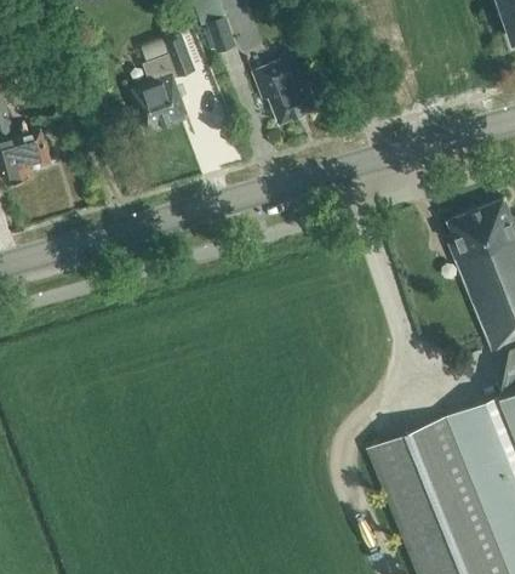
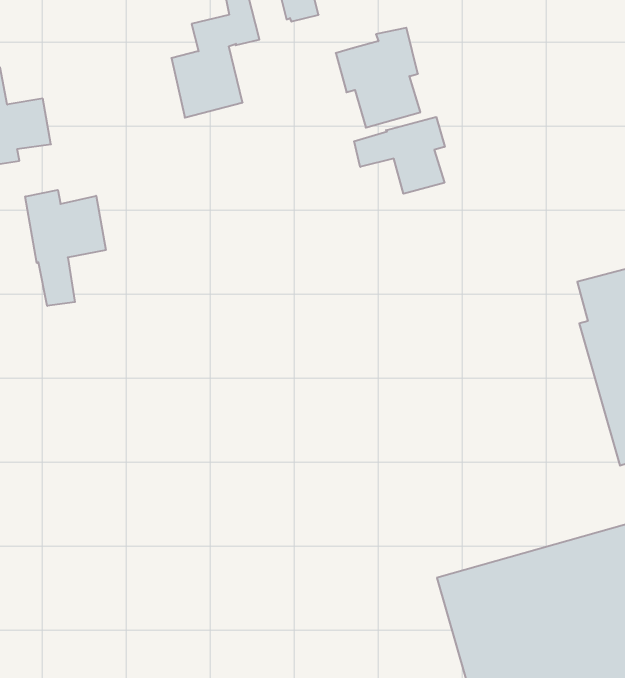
building: none -> [354,117,445,194]
building: none -> [25,190,106,306]

